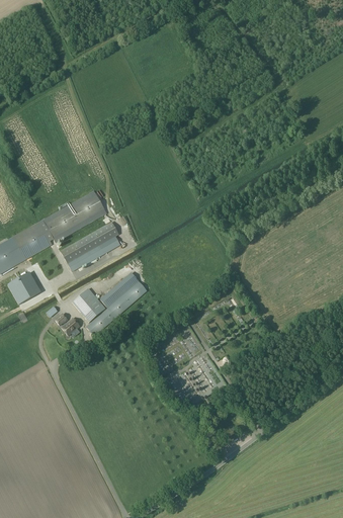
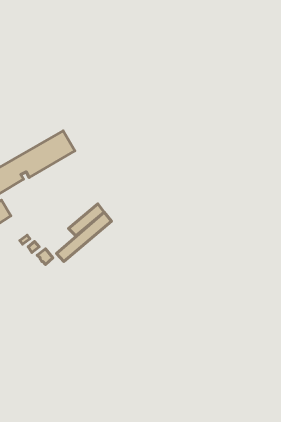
building: [61,222,119,271] -> none
building: [73,288,106,323] -> none

